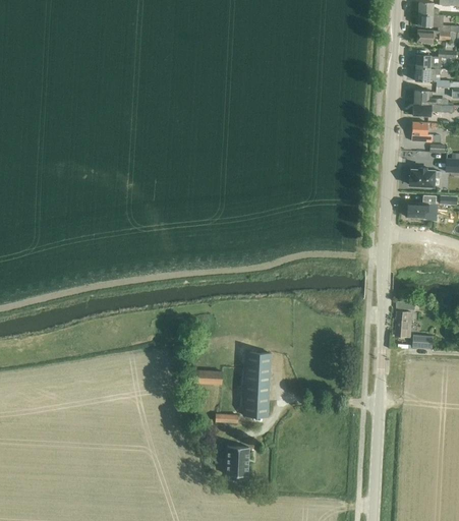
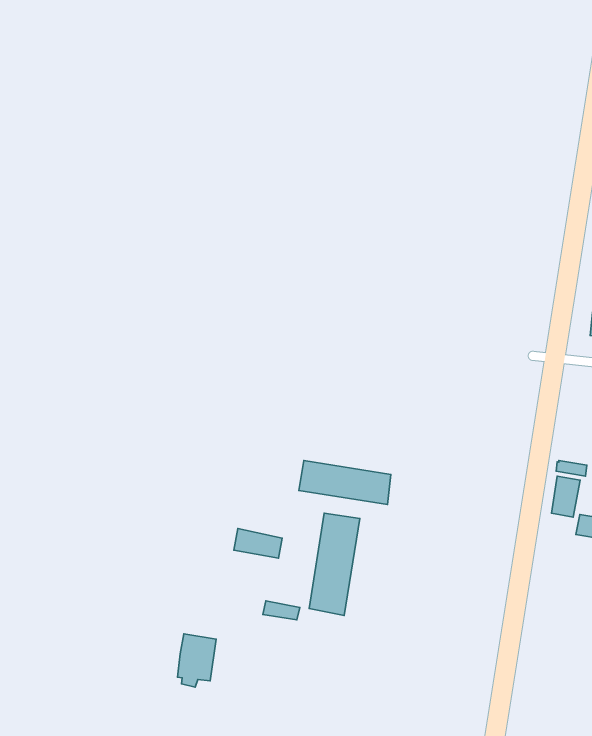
building: none -> [299,461,391,505]
building: [226,447,248,480] -> [178,634,216,687]

